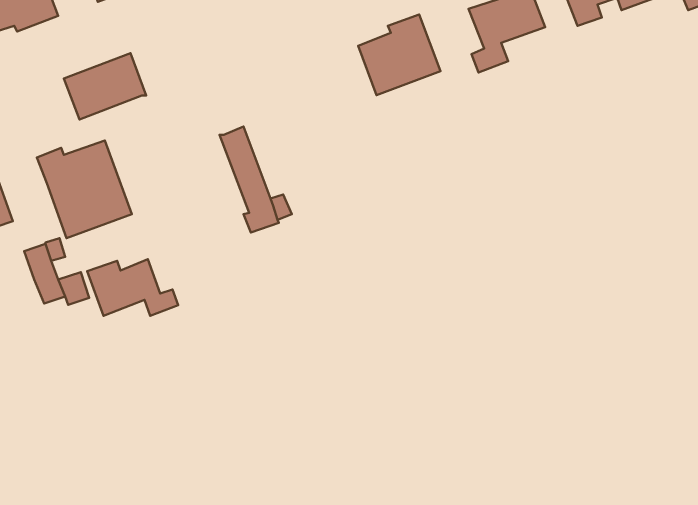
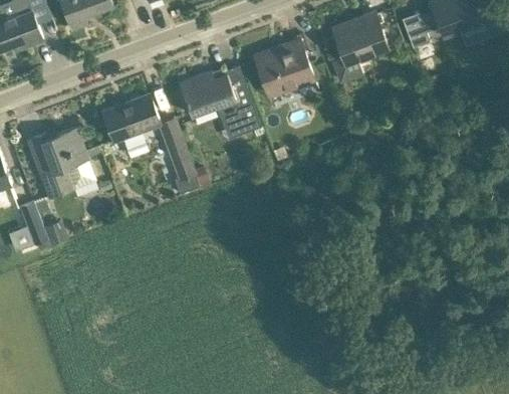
building: [64,53,146,120] -> [102,94,161,142]
building: none -> [179,72,260,133]
building: [87,259,178,316] -> none

